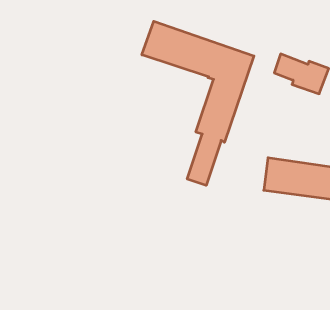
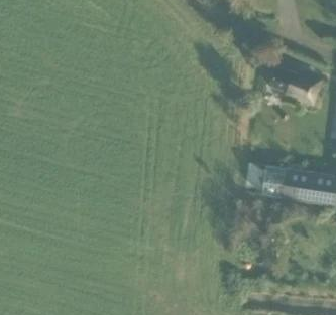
building: [142,21,254,185] -> none

